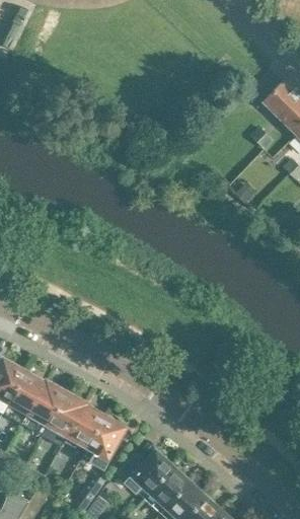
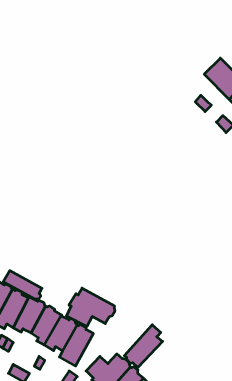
building: none -> [3,271,42,300]
building: none -> [67,288,115,327]
building: none -> [124,325,163,368]

